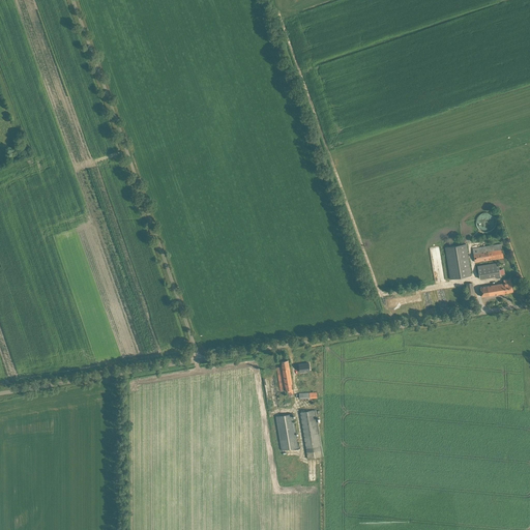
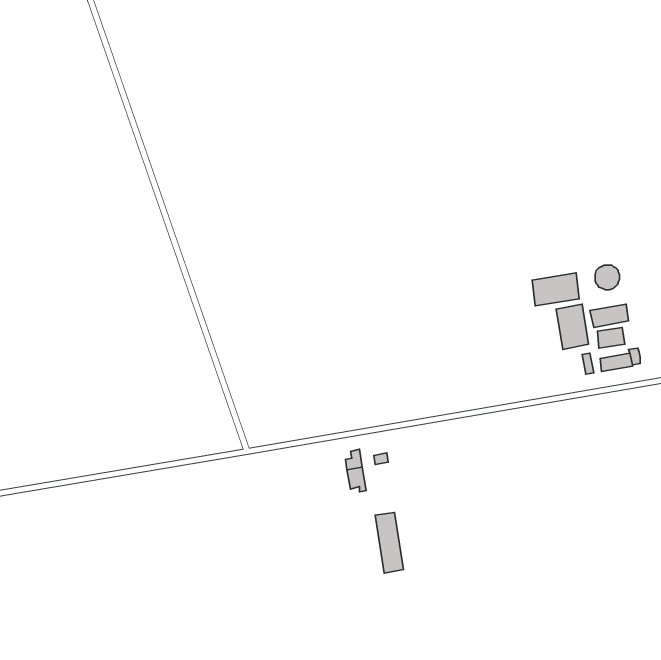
building: none -> [532,273,579,306]
building: [276,414,298,451] -> none

